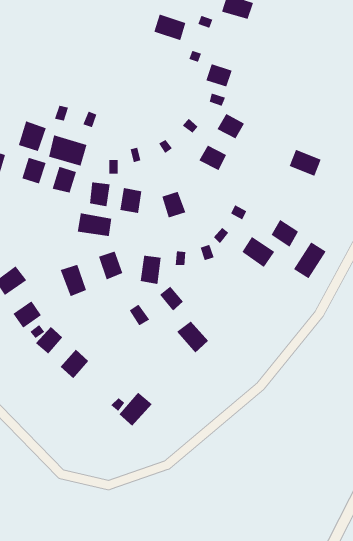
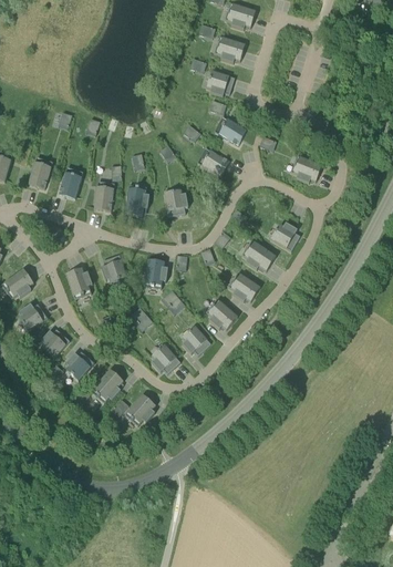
building: [154,14,186,41] -> [214,34,246,61]
building: [18,120,47,152] -> none
building: [49,134,87,167] -> none
building: [77,213,112,237] -> none
building: [293,241,327,279] -> none
building: none -> [228,270,260,301]
building: none -> [206,297,238,329]
building: none -> [149,340,180,372]
building: none -> [91,368,123,402]

